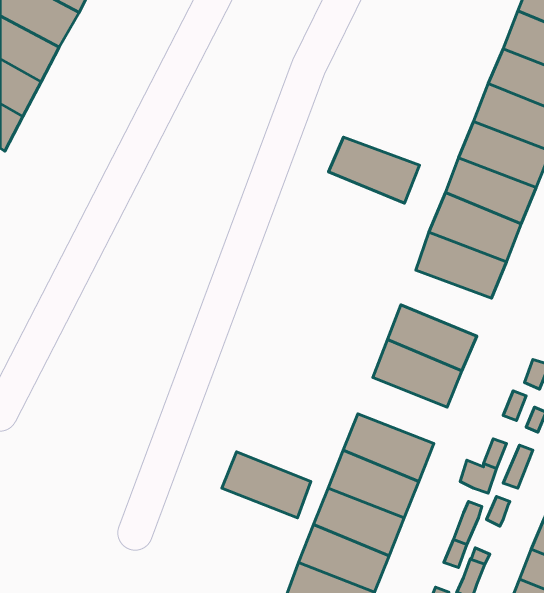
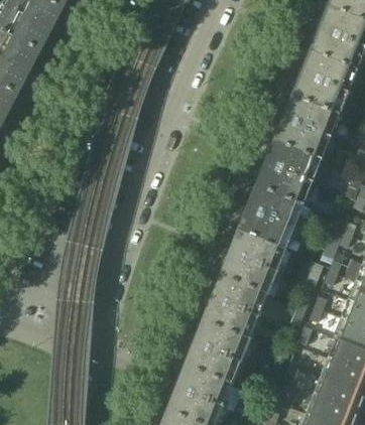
building: [329,137,419,203] -> [247,188,302,229]
building: [222,452,311,518] -> [221,254,275,294]

